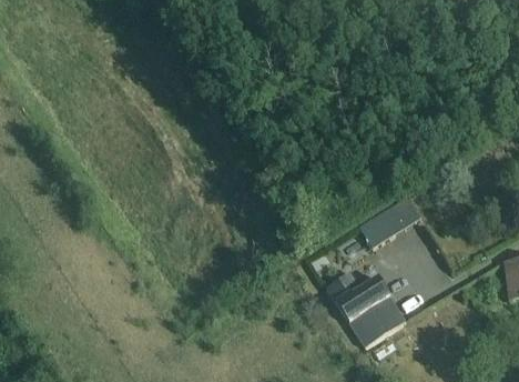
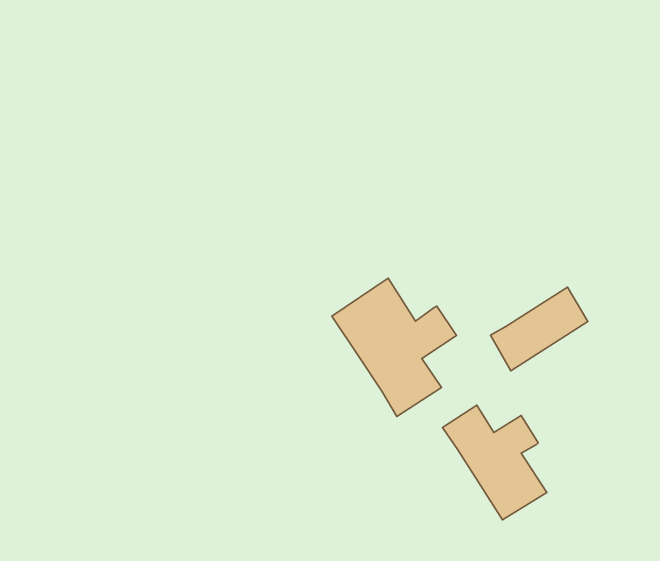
building: none -> [332,278,457,416]

